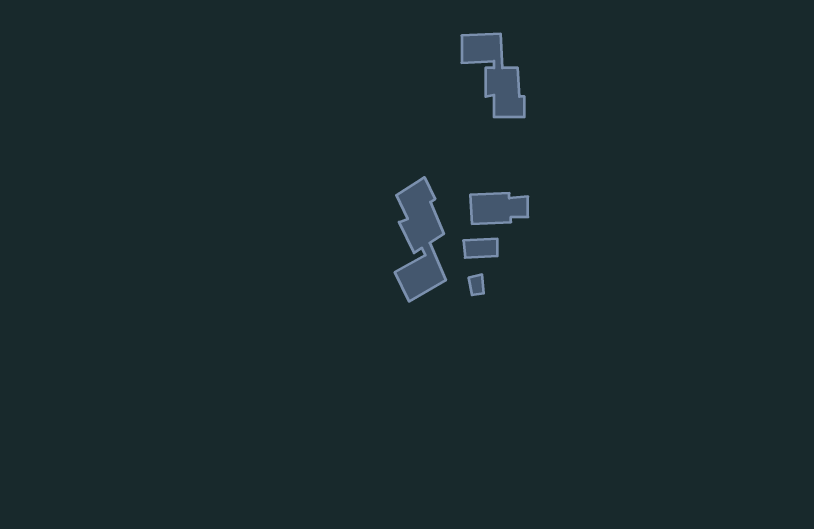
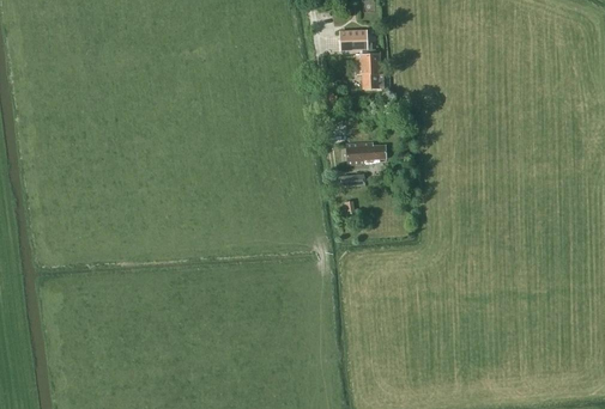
building: [395,177,446,301] -> none

